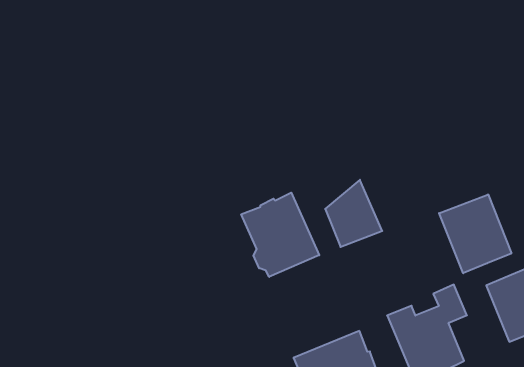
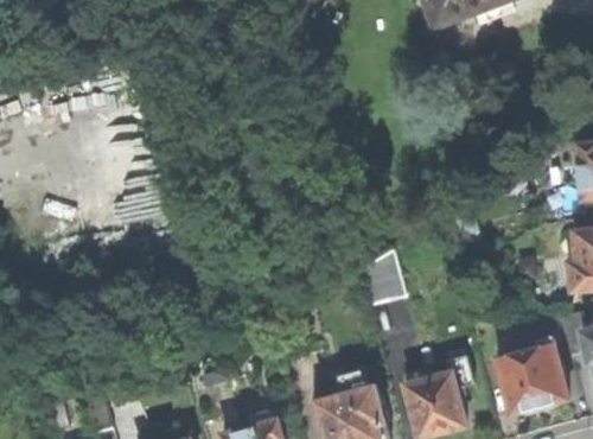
building: [241,193,319,277] -> none
building: [439,194,511,273] -> none

